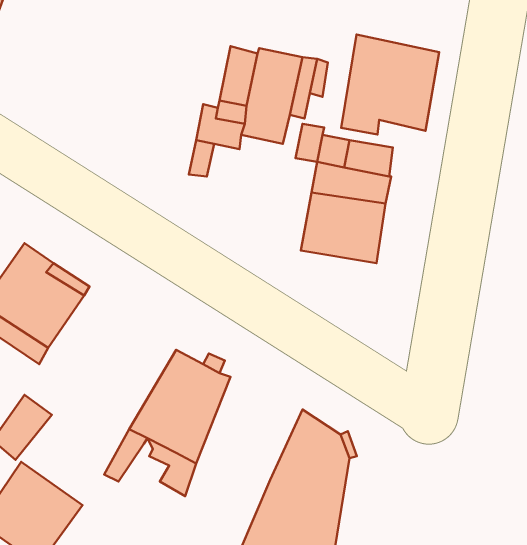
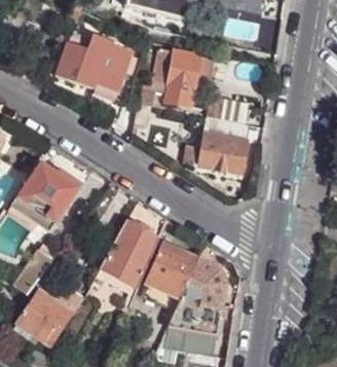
building: none -> [54,33,132,90]
building: [341,35,439,134] -> none
building: none -> [144,241,197,296]

